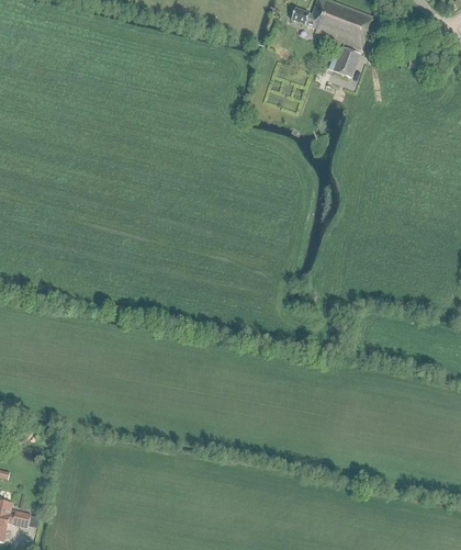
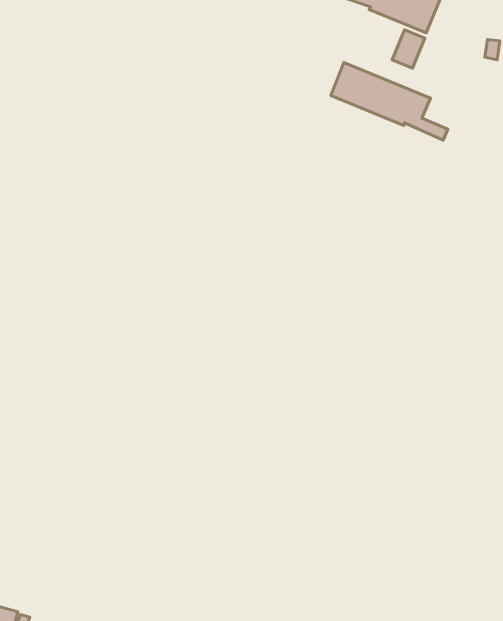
building: none -> [331,62,448,140]

